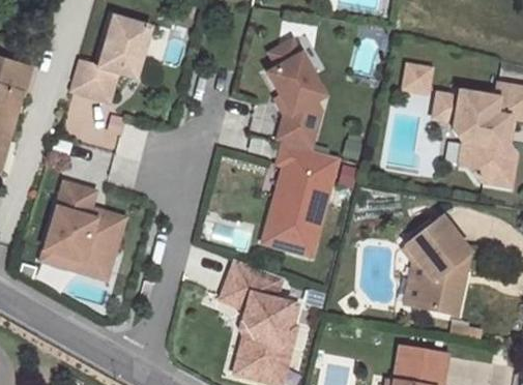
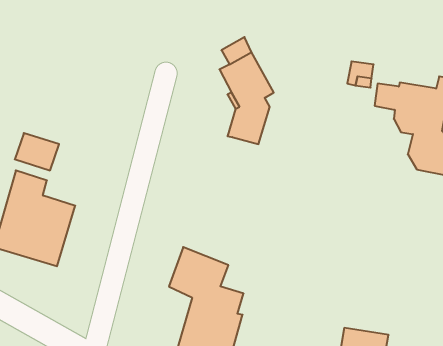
building: [69,17,150,102] -> none
building: [265,147,341,261] -> none
building: [404,217,464,316] -> none

